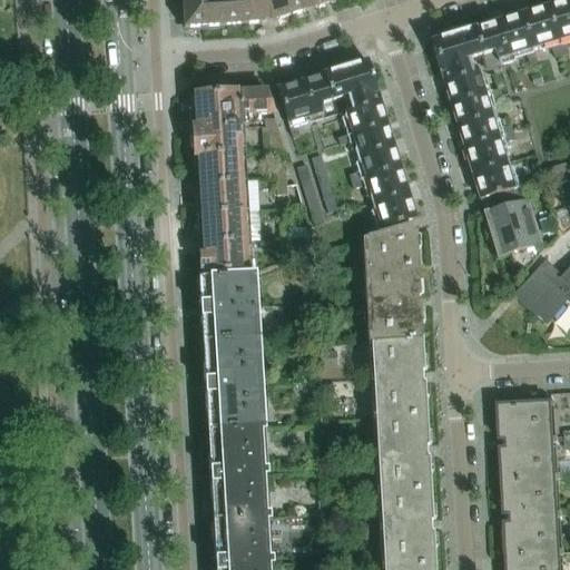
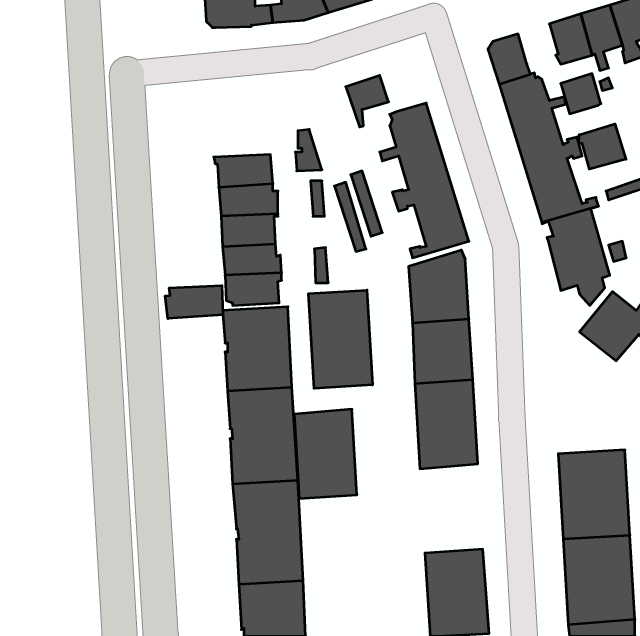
building: [461,21,497,57] -> [561,74,601,114]
building: [338,59,380,99] -> none
building: [279,77,321,135] -> none
building: [191,87,275,139] -> none
building: none -> [579,124,626,169]
building: none -> [165,286,223,319]
building: none -> [309,290,372,388]
building: [374,411,430,490] -> [294,409,357,498]

